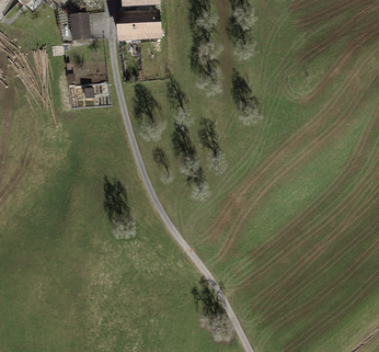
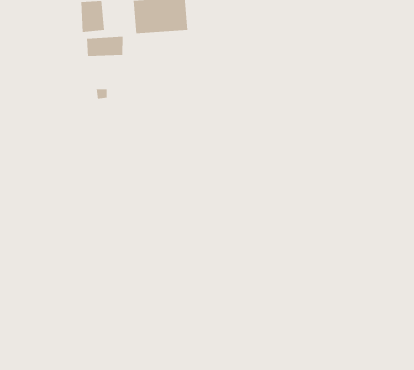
building: none -> [86,36,123,57]

